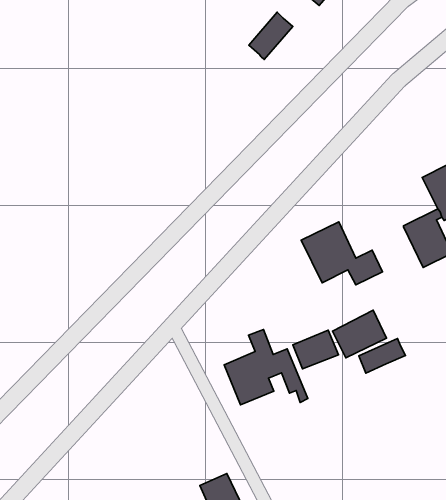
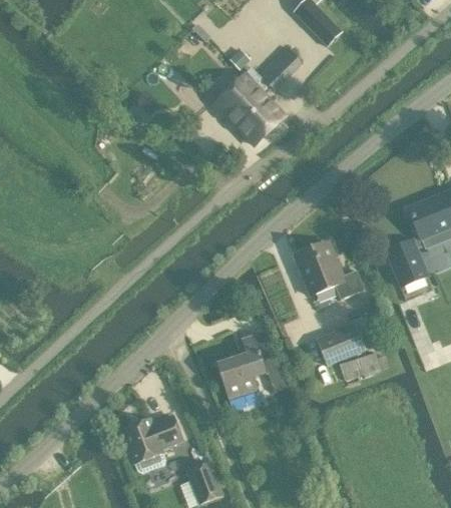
building: none -> [215,72,286,144]
building: [293,330,338,369] -> none
building: none -> [122,415,184,472]

